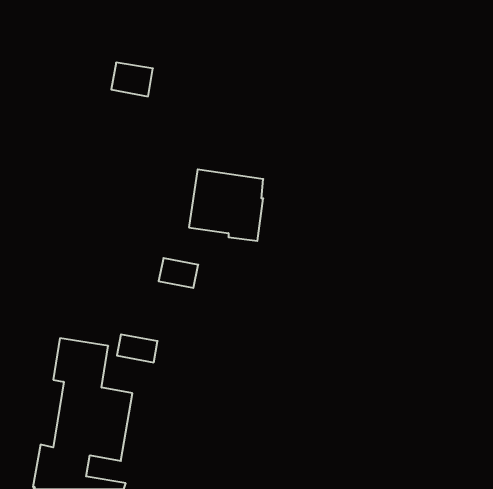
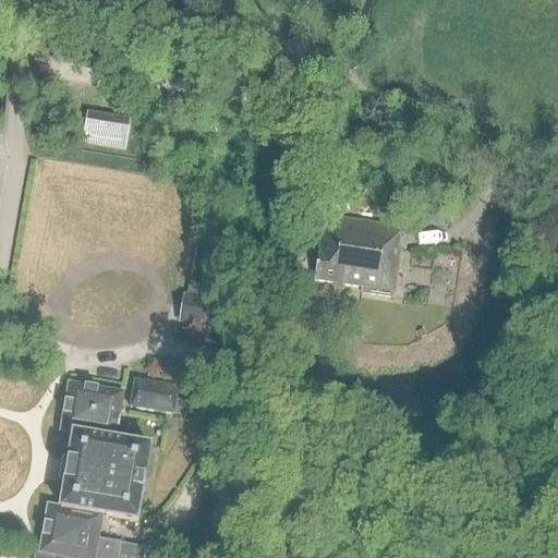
building: [111,63,153,96] -> [82,109,129,147]
building: [189,169,263,241] -> [315,211,399,292]

